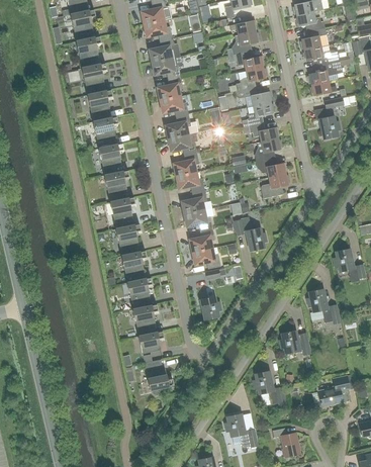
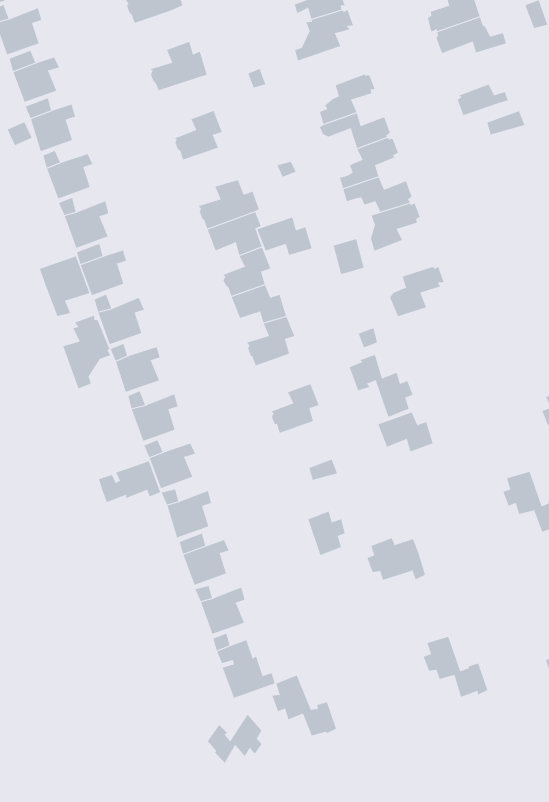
building: [144,20,172,40] -> none
building: [227,51,264,71] -> none
building: [152,57,181,79] -> none
building: [306,61,342,85] -> none
building: [160,96,188,116] -> [256,217,312,256]
building: [313,108,340,138] -> none
building: none -> [39,255,90,317]
building: [255,158,287,177] -> none
building: none -> [63,315,111,389]
building: [184,210,212,230] -> none
building: [192,248,220,269] -> [378,412,434,452]
building: none -> [98,461,161,503]
building: [279,331,309,355] -> [366,537,426,581]
building: none -> [207,714,262,764]
building: [224,413,257,447] -> [271,675,337,736]
building: [272,428,300,457] -> none

